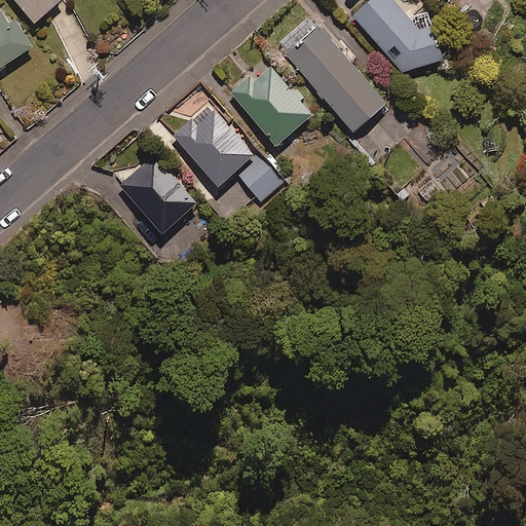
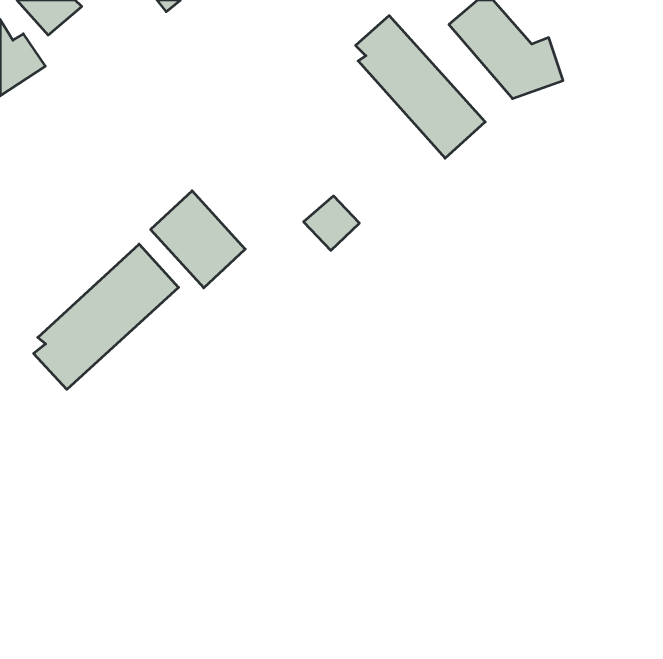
building: [231,64,309,142] -> none
building: [173,107,252,182] -> none
building: none -> [34,244,179,389]

